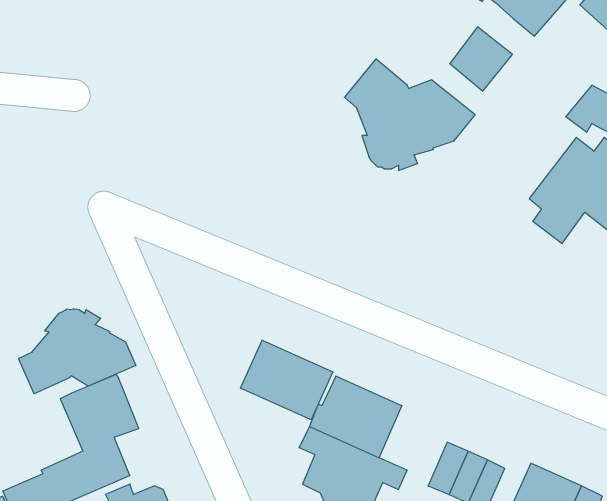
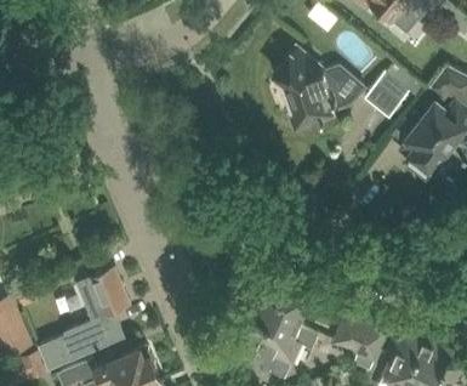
building: [450,27,512,91] -> [365,73,409,118]
building: [18,309,136,394] -> none
building: [241,340,333,420] -> none

